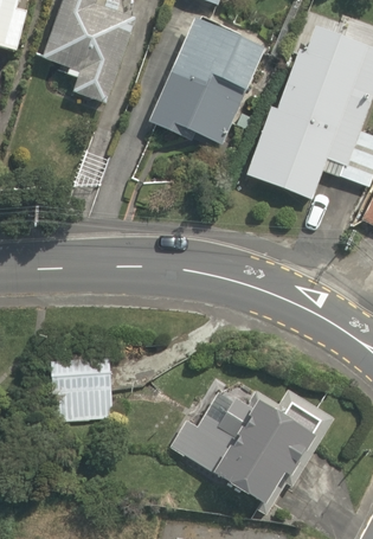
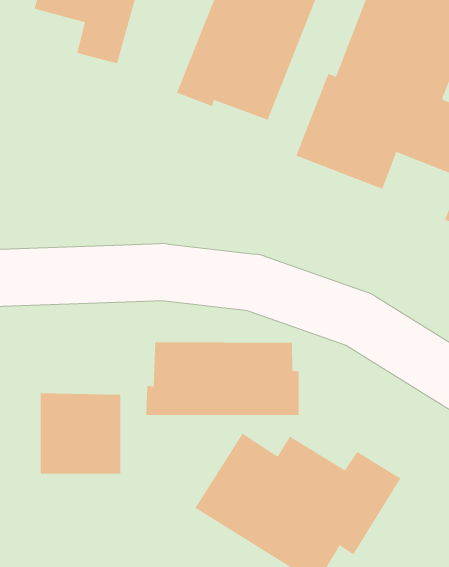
building: none -> [146,342,299,416]

